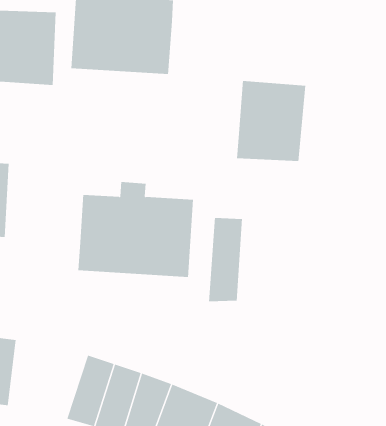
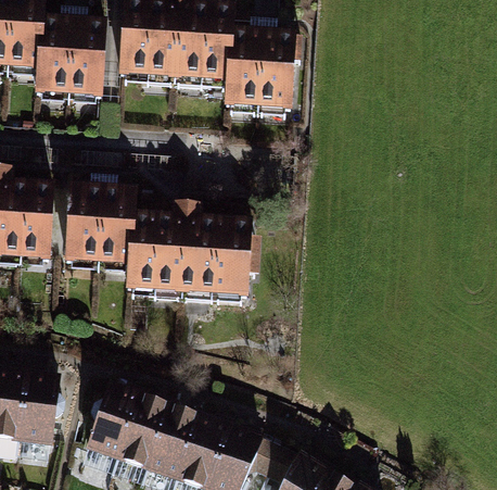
building: [236,81,306,162] -> [222,27,298,115]
building: none -> [63,183,133,267]
building: [209,217,243,302] -> none
building: none -> [84,379,137,458]

